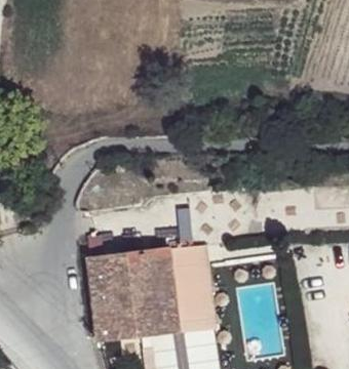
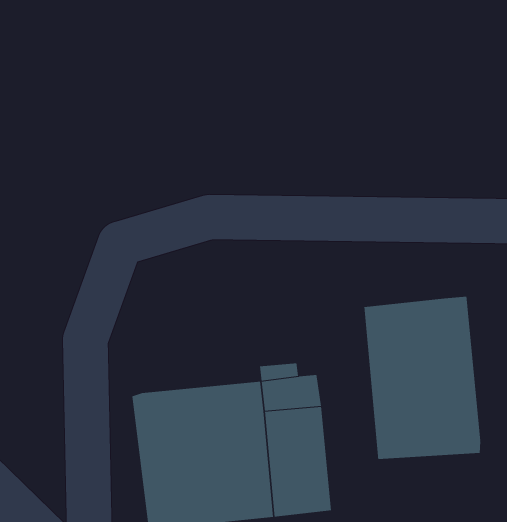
building: none -> [364,296,481,460]

